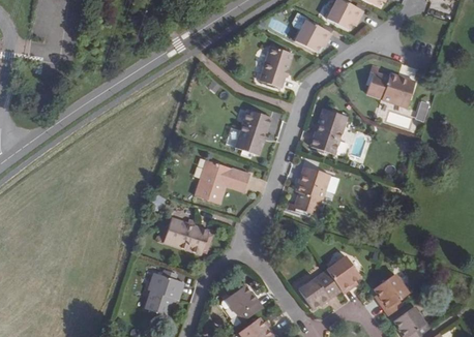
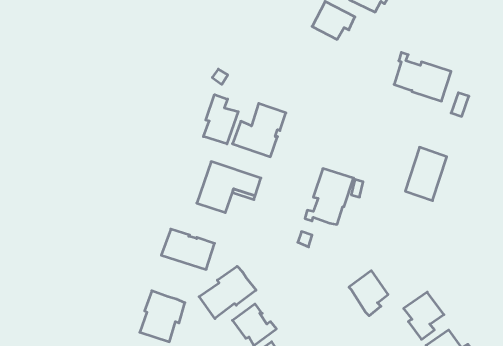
building: [256,48,289,88] -> none
building: none -> [203,95,238,144]
building: [310,108,347,154] -> [405,147,447,201]
building: none -> [199,266,256,319]
building: [298,271,340,308] -> none

